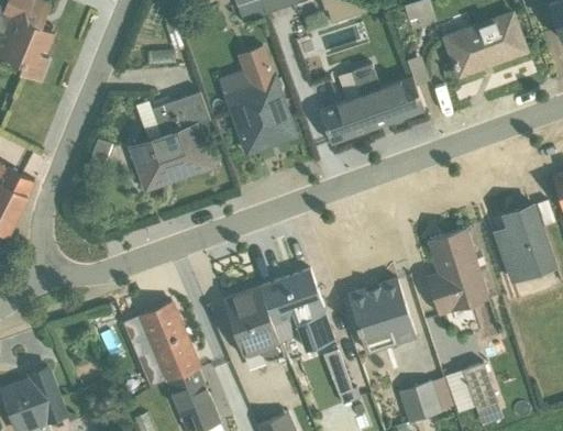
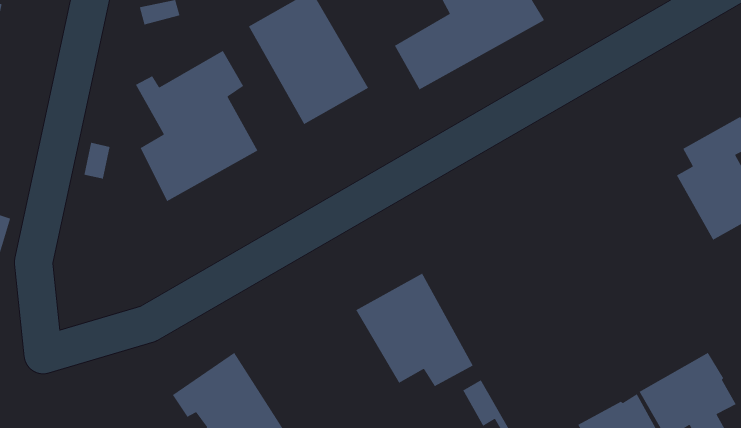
building: [426,229,488,317] -> none
building: [347,279,417,354] -> none
building: [223,287,285,361] -> none

